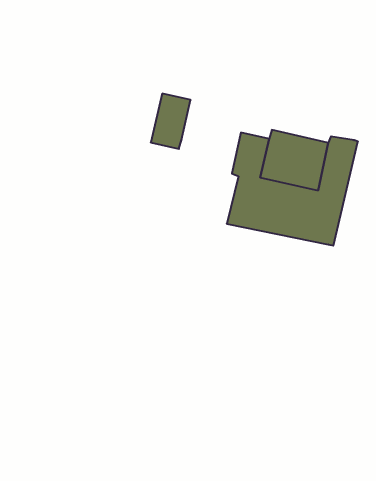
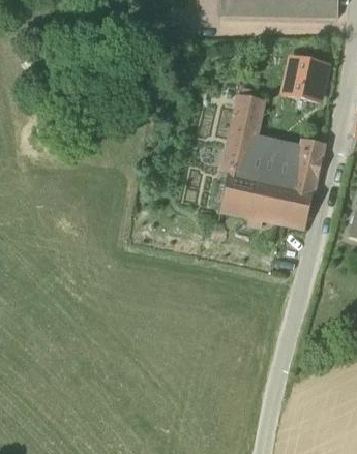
building: none -> [284,57,327,100]
building: [151,94,191,149] -> [231,96,263,141]

